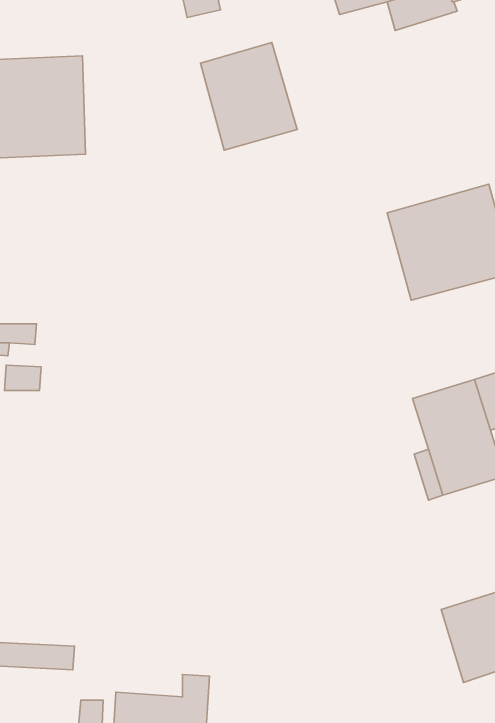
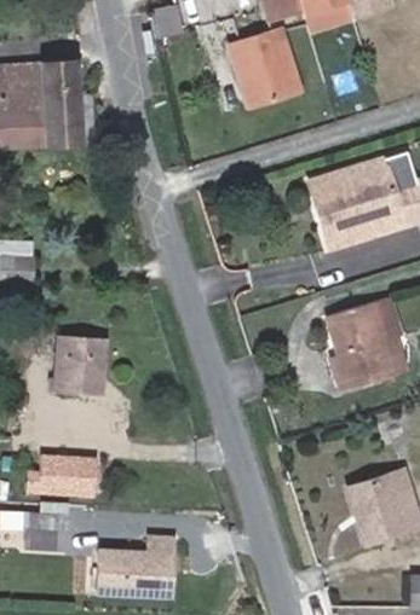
building: [200,42,297,150] -> [234,35,307,117]
building: none -> [53,332,104,387]
building: none -> [42,456,93,488]

